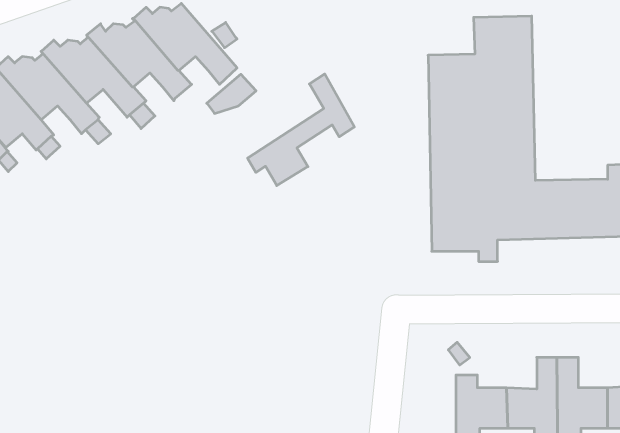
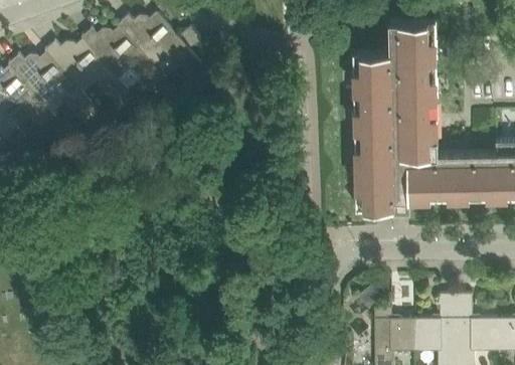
building: [248,74,354,186] -> none

